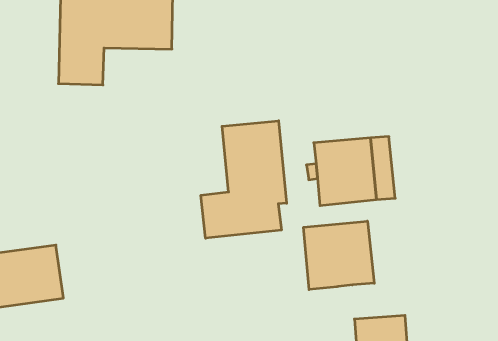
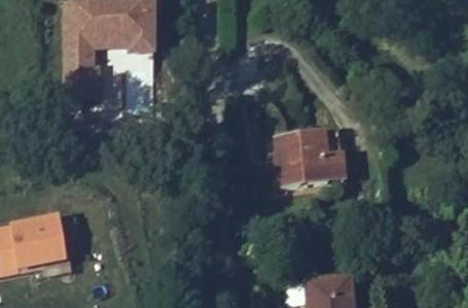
building: [201,121,287,238] -> none
building: [304,221,374,290] -> none

